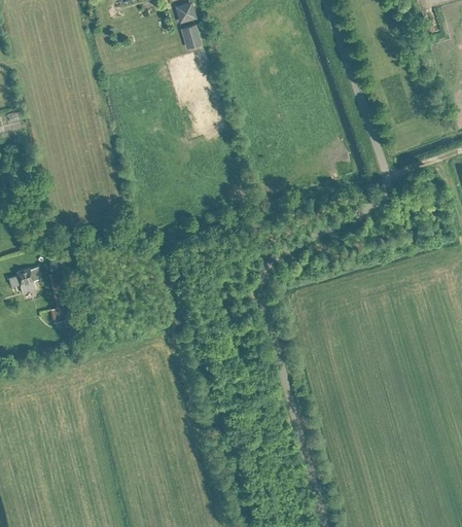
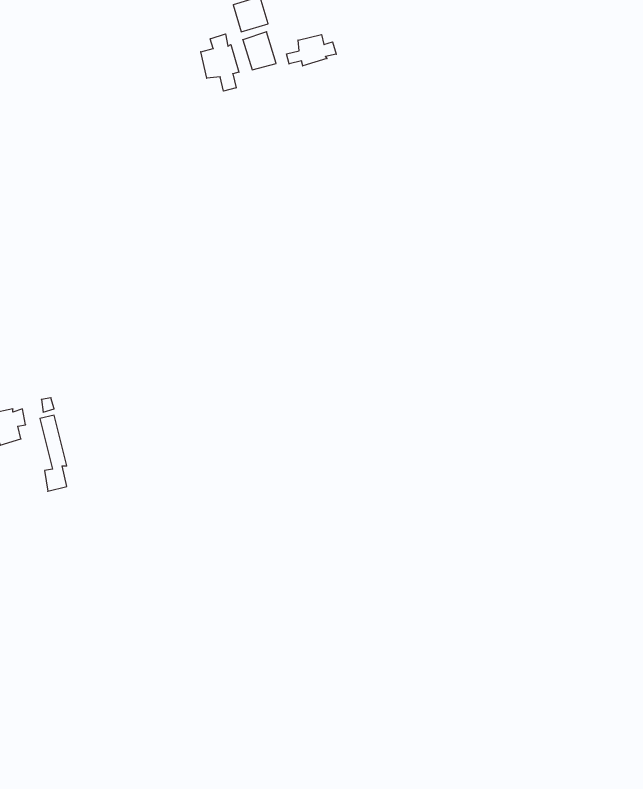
building: none -> [201,34,239,91]
building: none -> [287,35,336,66]

